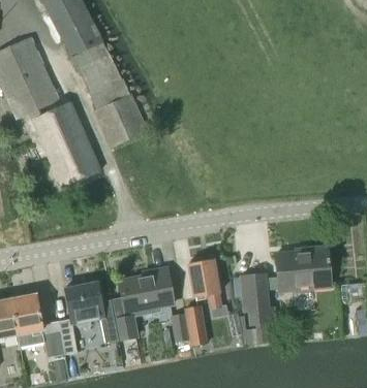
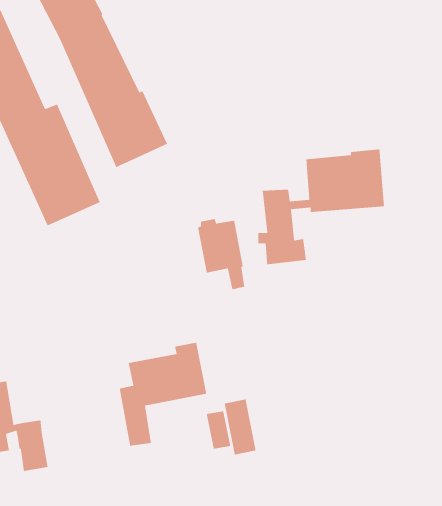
building: [243,246,331,326] -> [257,148,385,265]
building: [187,258,220,308] -> [197,218,245,290]
building: [59,281,117,353] -> none

